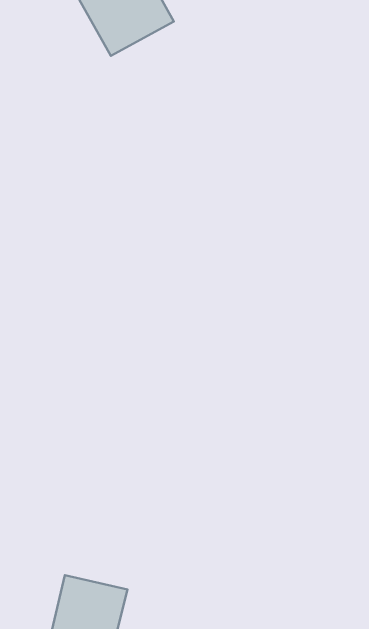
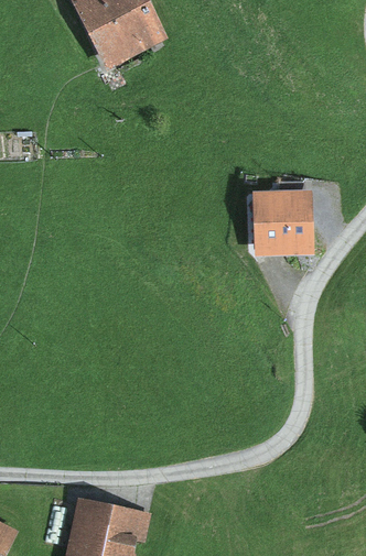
building: none -> [252,196,304,254]

